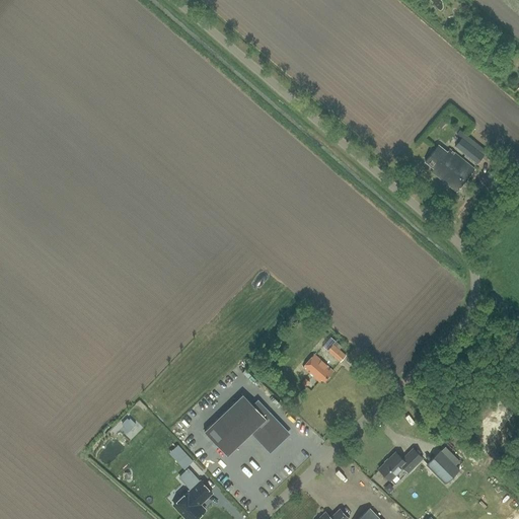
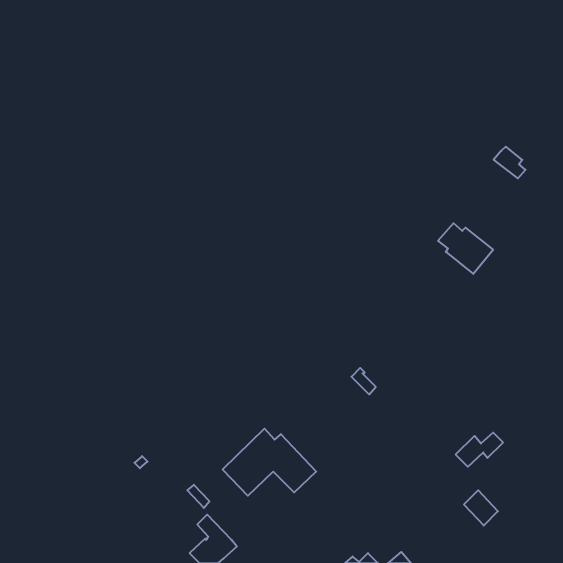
building: [425,145,475,192] -> [438,223,493,274]
building: [303,354,333,380] -> none
building: [378,449,422,480] -> [456,433,503,467]

